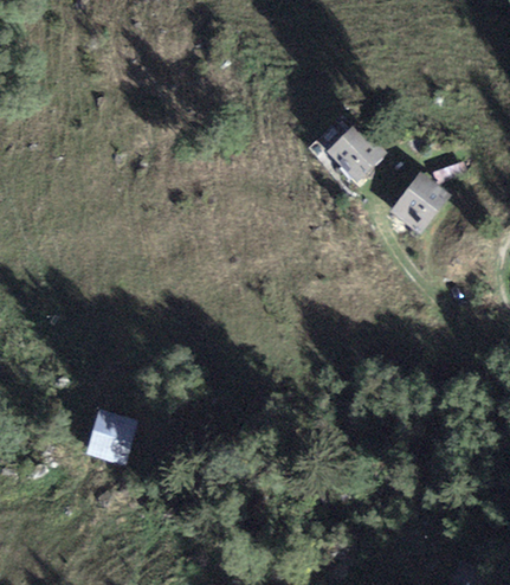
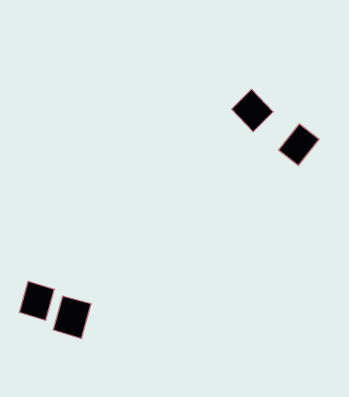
building: none -> [19,281,54,320]

